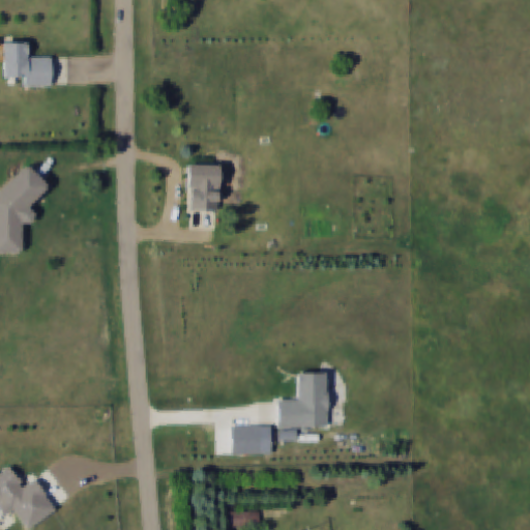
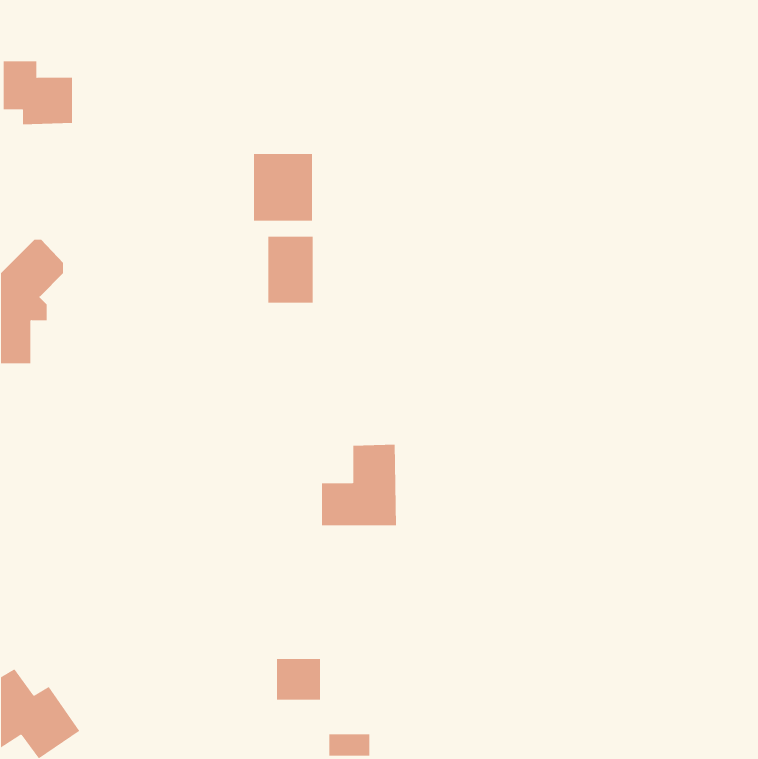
building: none -> [254,153,313,222]
building: [276,372,329,429] -> [321,444,397,526]
building: [231,425,262,454] -> [276,658,321,700]

